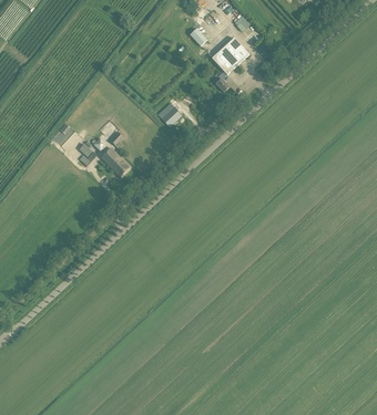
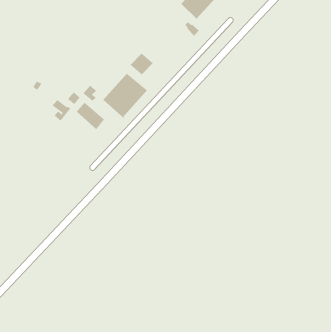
building: none -> [102,73,148,118]

